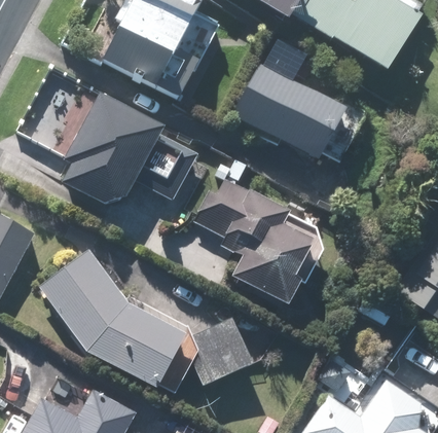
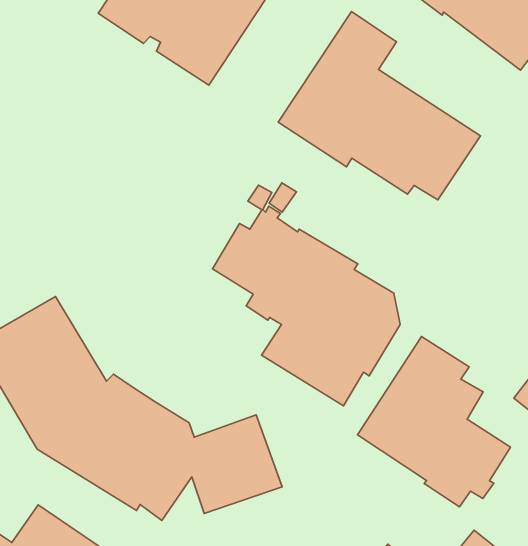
building: [62,92,198,203] -> none
building: none -> [358,336,511,507]

